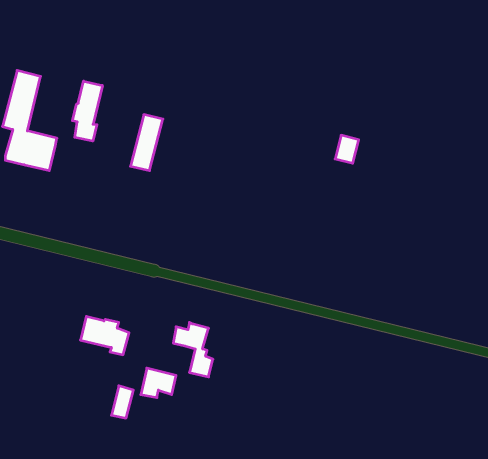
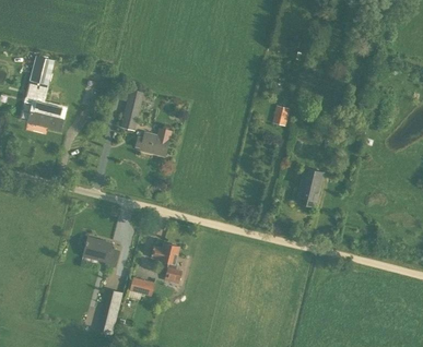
building: [72,81,102,141] -> none
building: none -> [134,127,169,156]
building: none -> [295,168,321,206]

